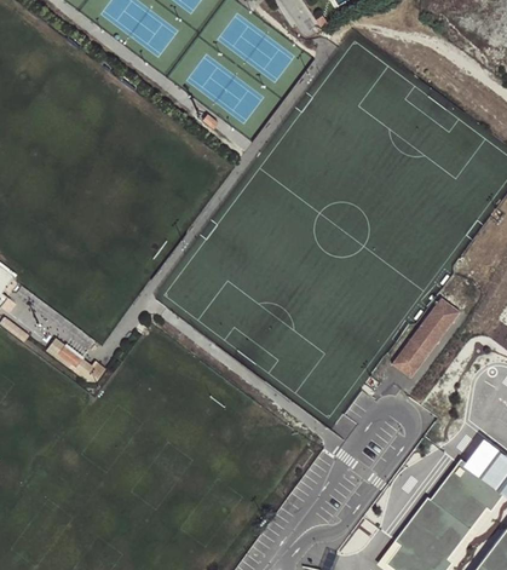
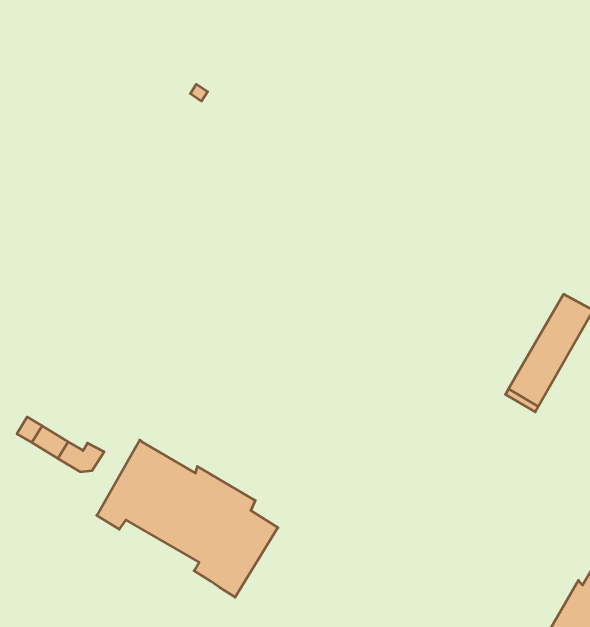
building: none -> [97,440,278,597]

